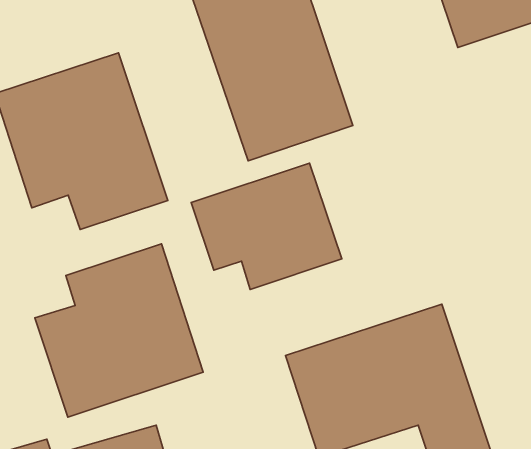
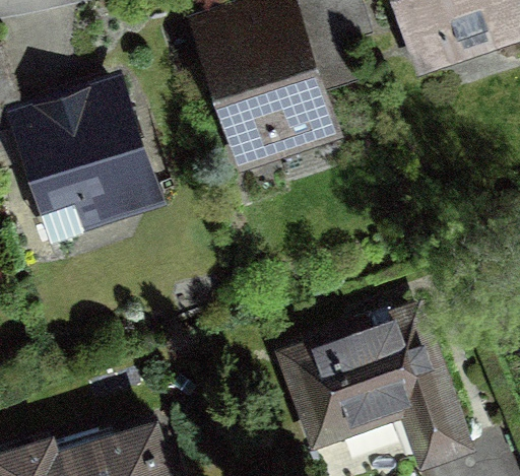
building: [191,163,342,290] -> none
building: [35,244,203,417] -> none

